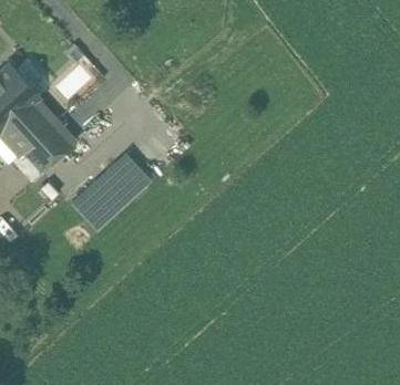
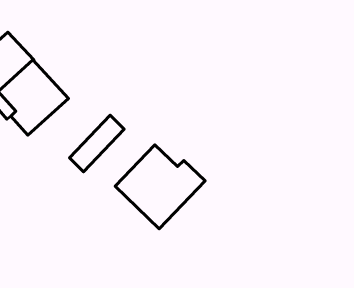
building: none -> [115,145,205,229]

